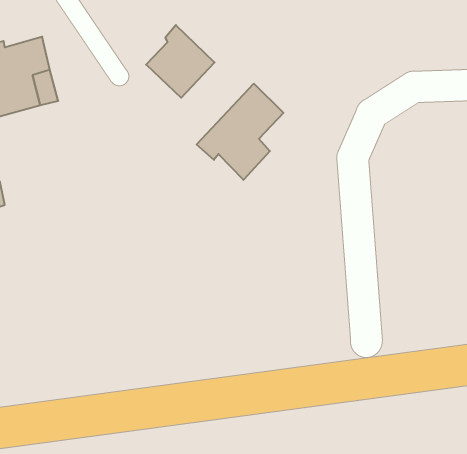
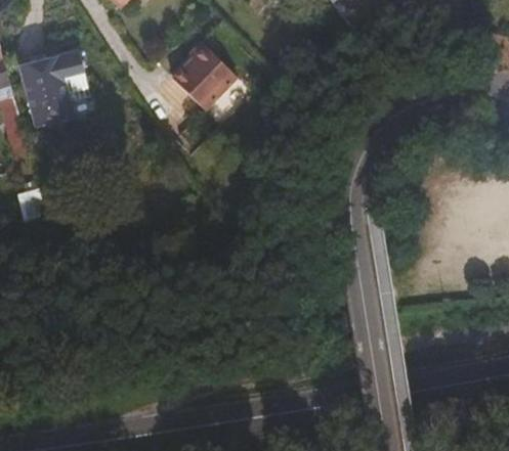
building: [197,84,283,180] -> none

